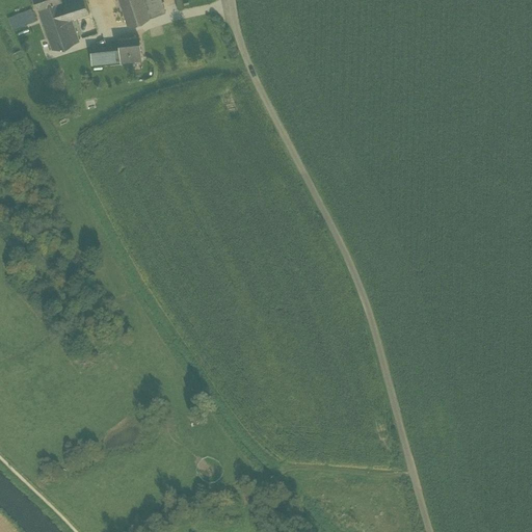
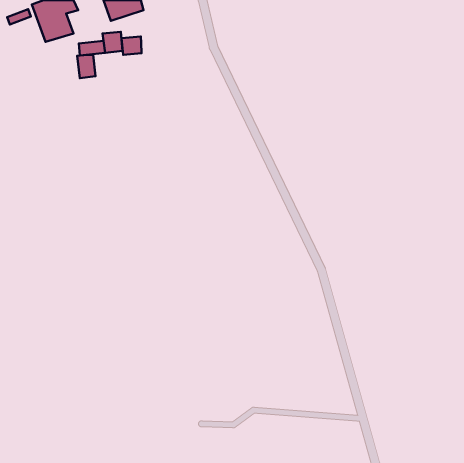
building: none -> [121,36,142,55]
building: none -> [77,55,96,78]

